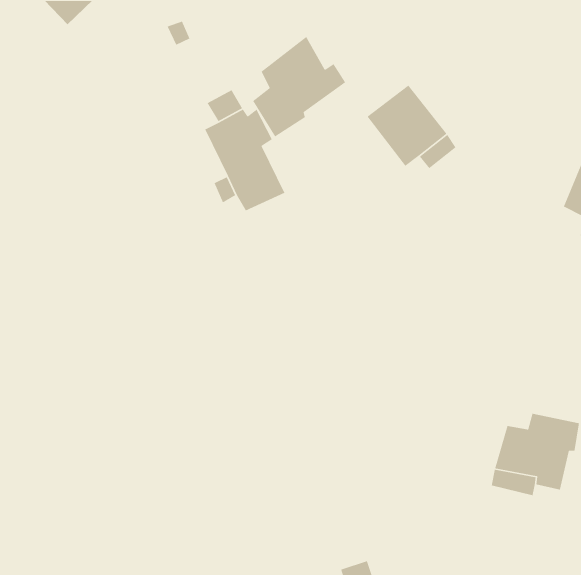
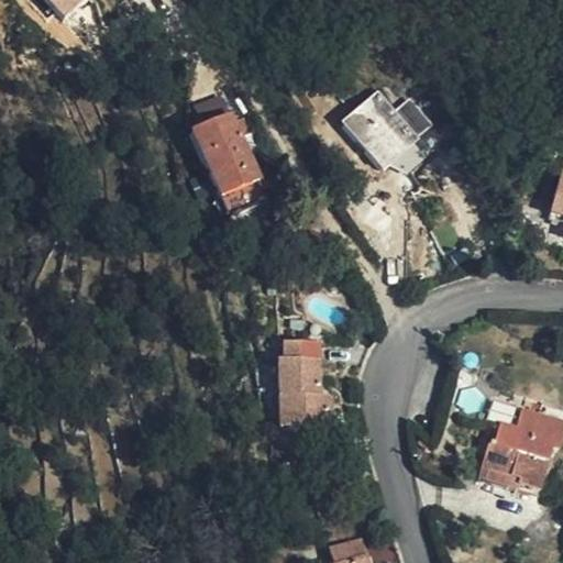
building: [252,36,346,138] -> none
building: none -> [274,350,324,439]

